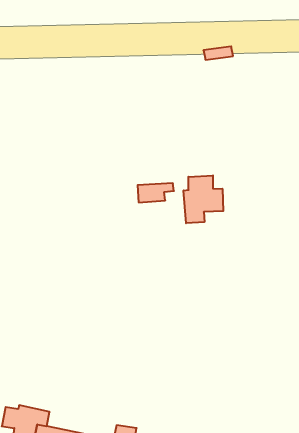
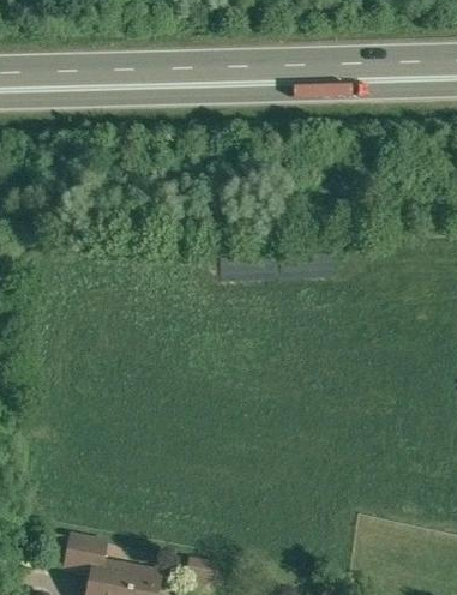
building: [184,175,223,223] -> none

